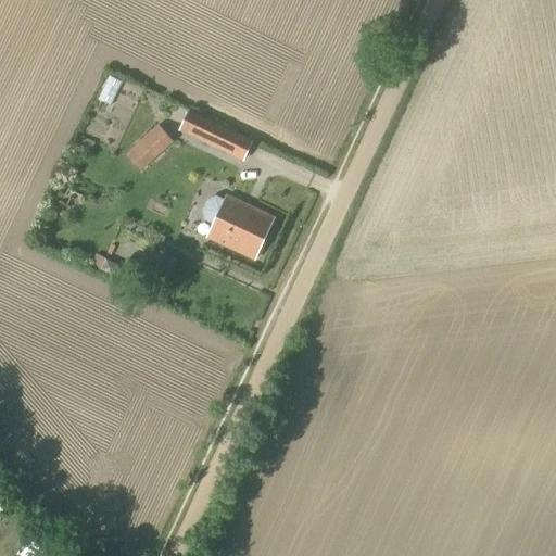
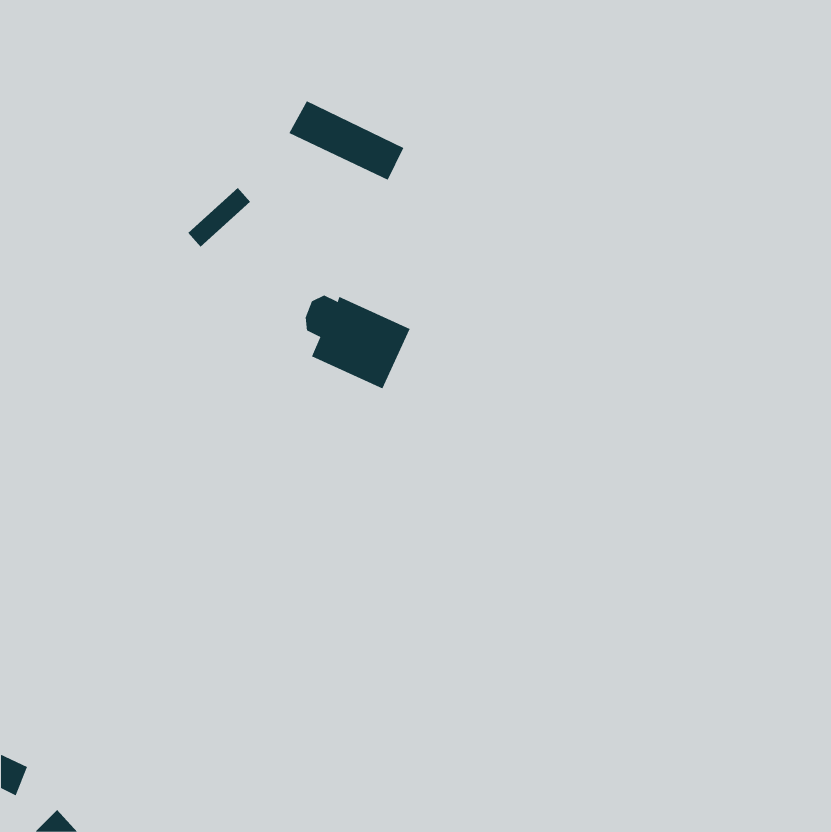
building: [178,110,255,163] -> [289,101,404,180]

